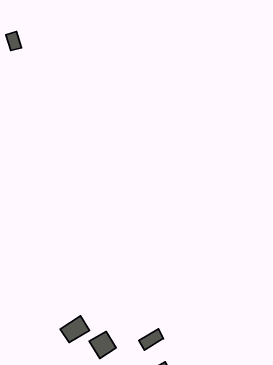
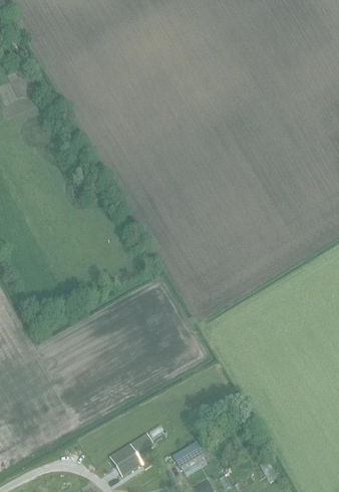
building: [60,316,89,343] -> none

